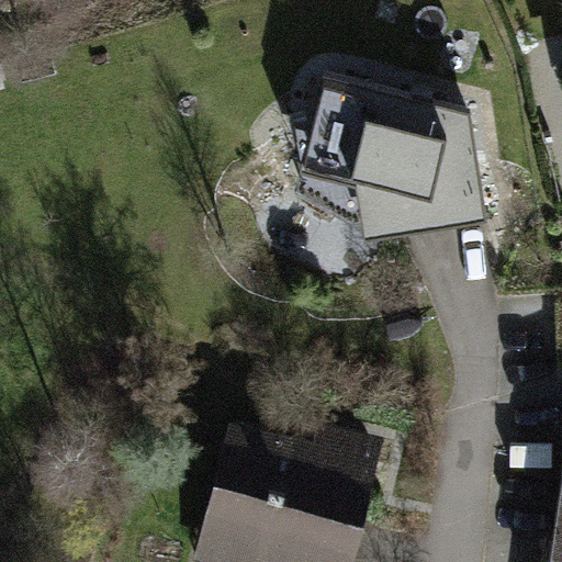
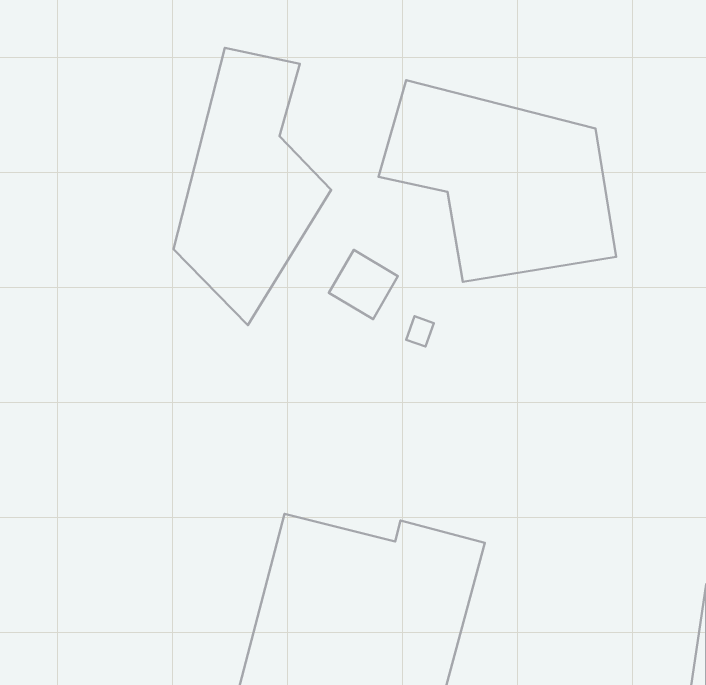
building: none -> [174,48,331,325]

